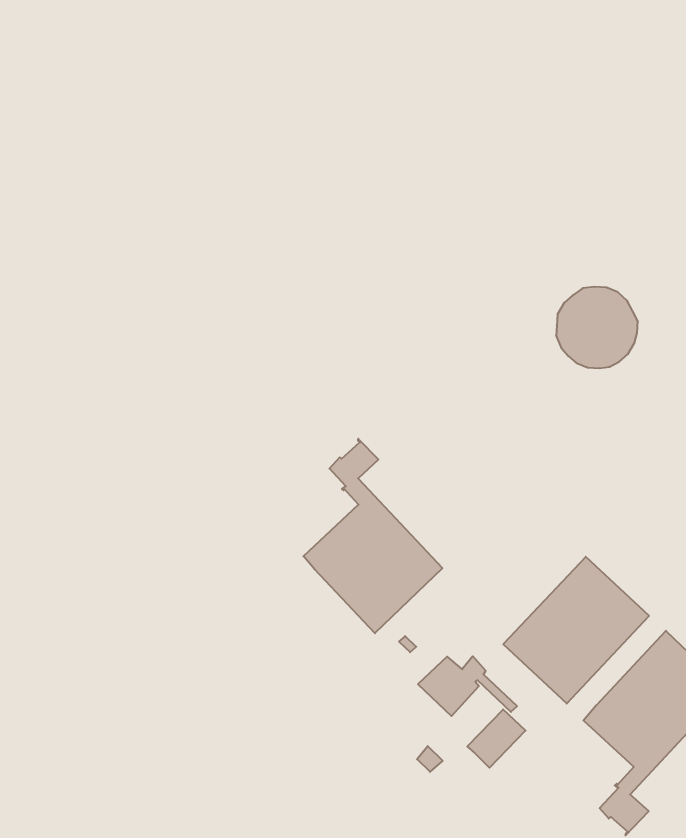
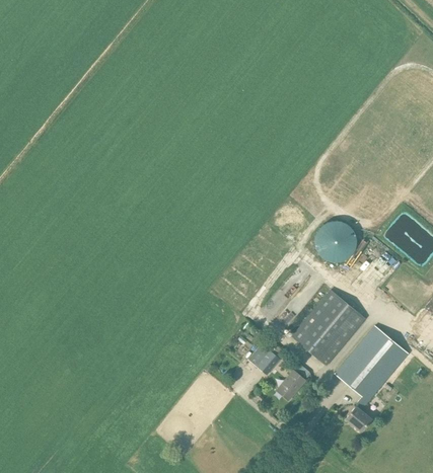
building: [556,287,638,368] -> [314,221,356,262]
building: [303,439,442,633] -> none

